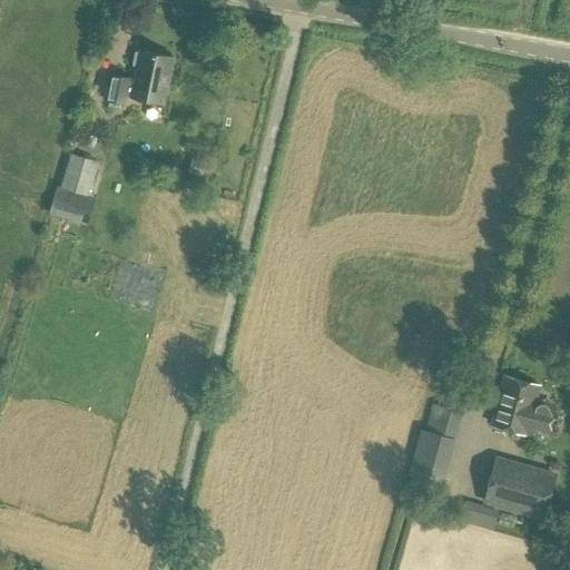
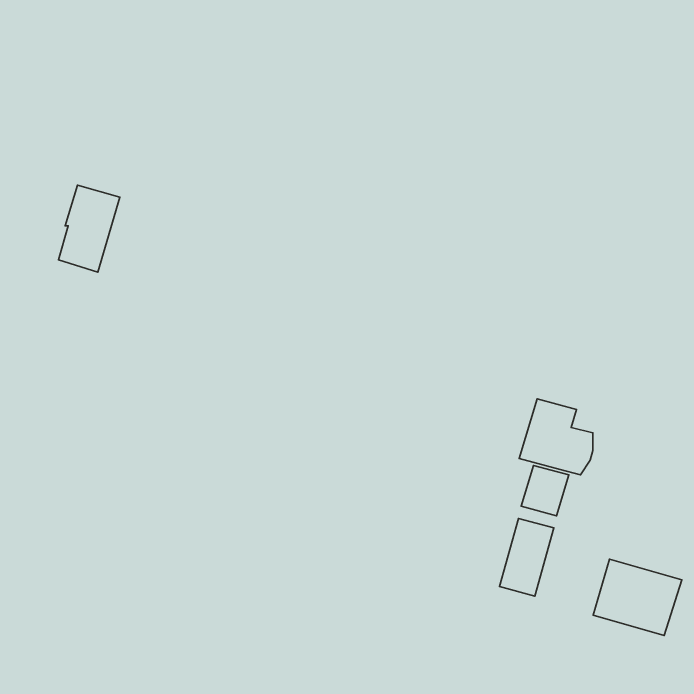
building: [109,50,175,102] -> none
building: [493,376,553,439] -> [519,399,593,475]

